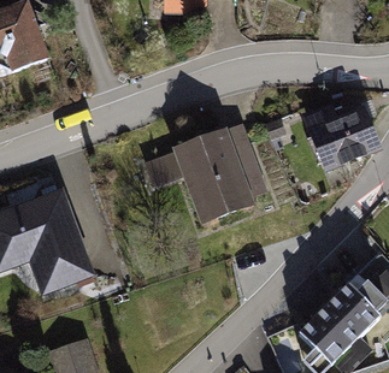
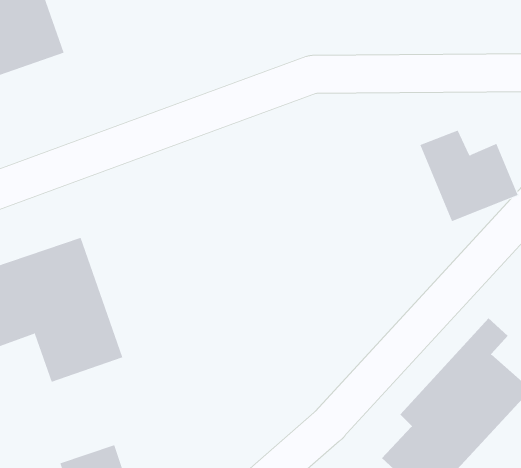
building: [147,130,273,235] -> none

